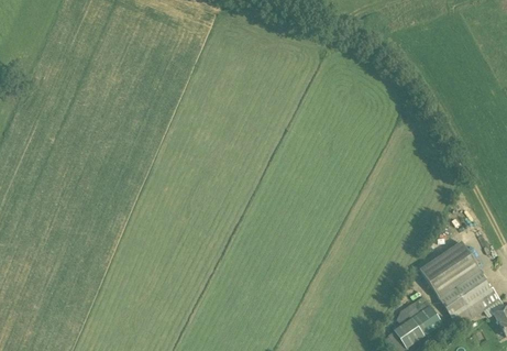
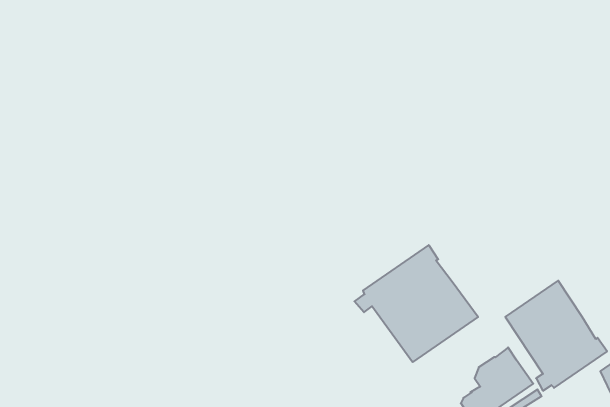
building: none -> [354,245,478,362]

